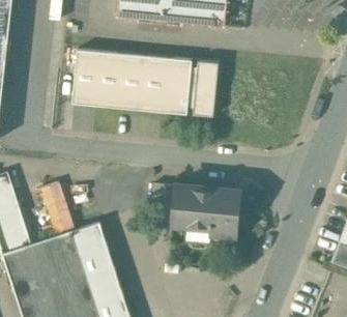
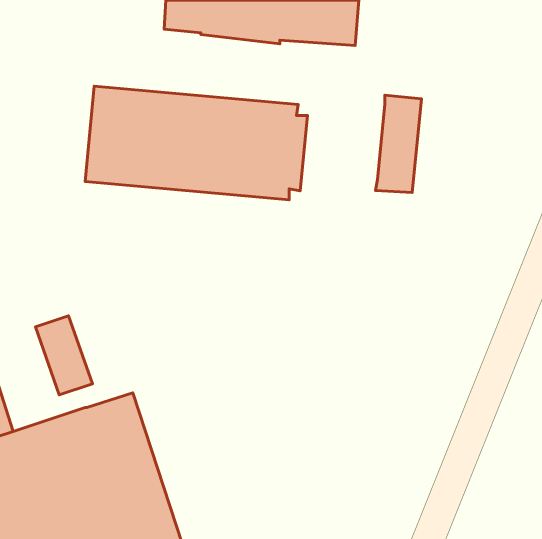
building: [192,61,218,116] -> [376,95,421,192]
building: [172,185,239,244] -> none

